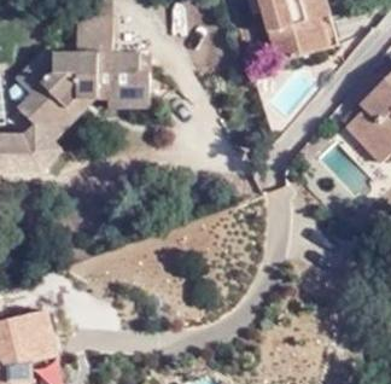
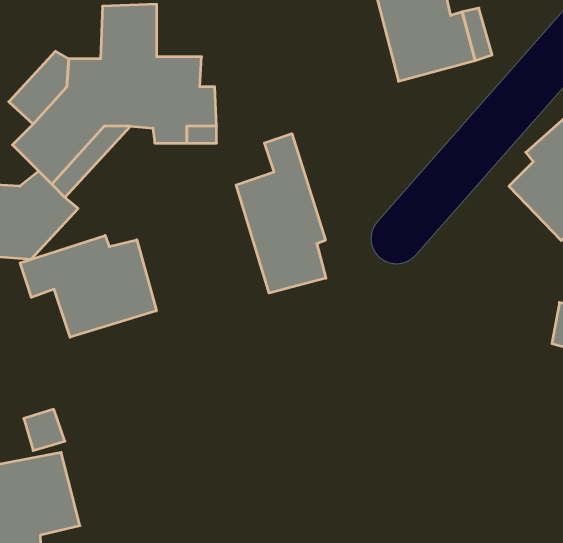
building: none -> [236,134,326,293]
building: none -> [20,235,156,337]

